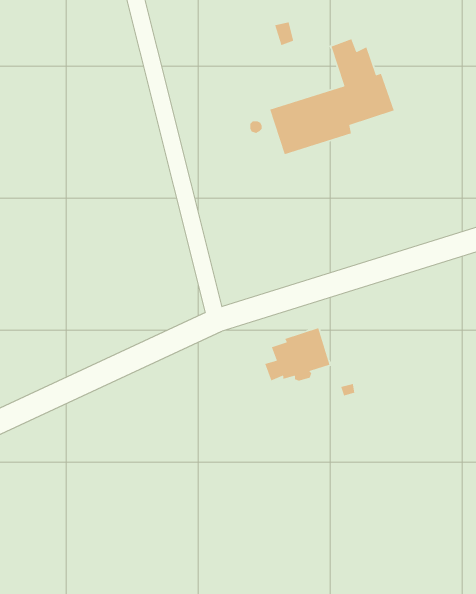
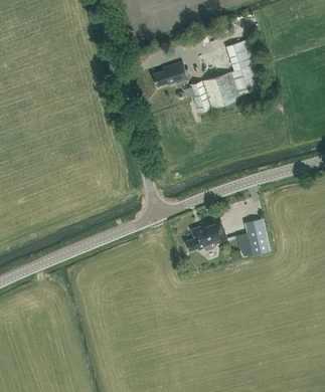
building: none -> [153,62,188,87]
building: none -> [236,217,269,257]

